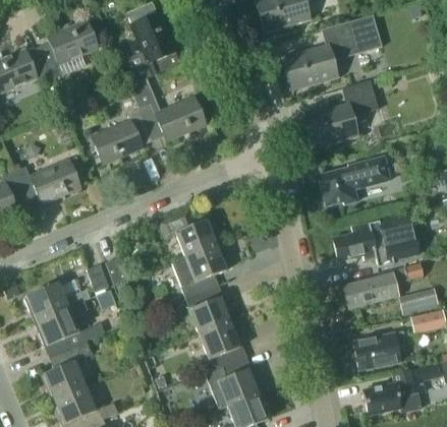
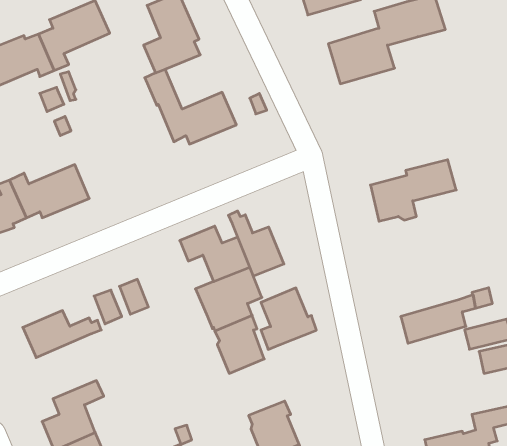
building: [303,80,379,148] -> none
building: [93,108,153,165] -> none
building: none -> [228,211,284,276]
building: [334,211,418,265] -> none
building: [37,301,104,356] -> none
building: [200,322,246,374] -> [261,288,316,349]
building: [354,332,403,370] -> none

